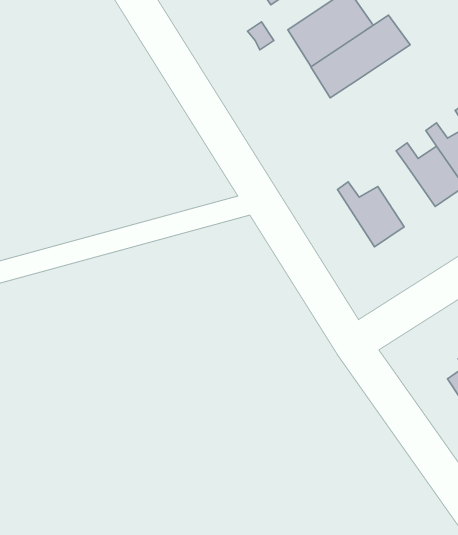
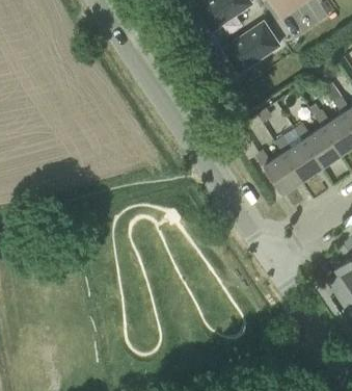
building: [311,15,410,98] -> none
building: none -> [276,136,322,180]

